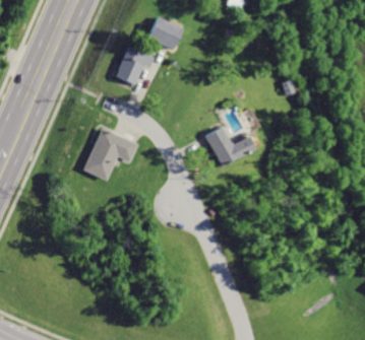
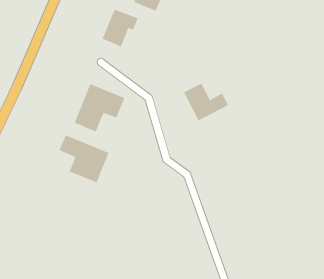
building: none -> [59,135,109,183]

